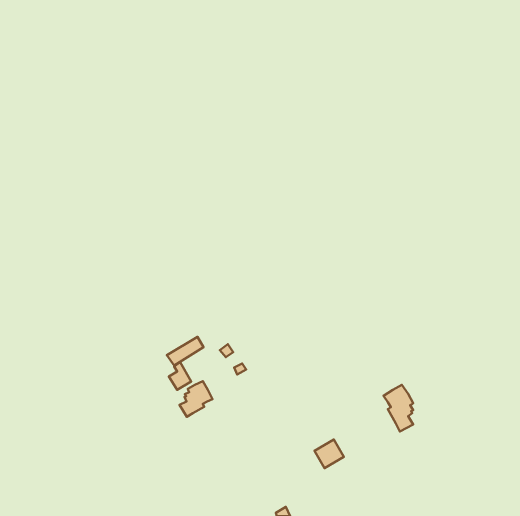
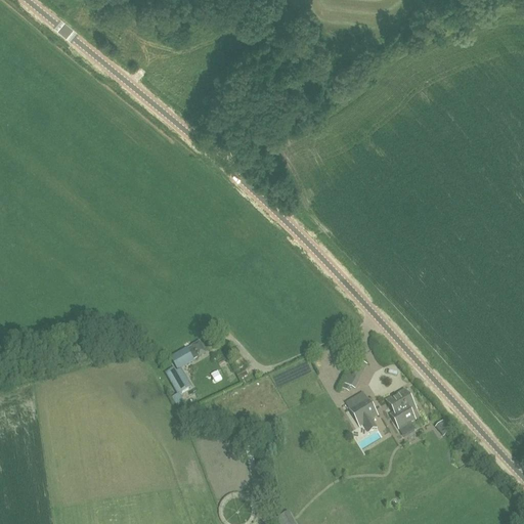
building: [180,381,212,417] -> none
building: [314,440,344,468] -> [349,396,379,425]

